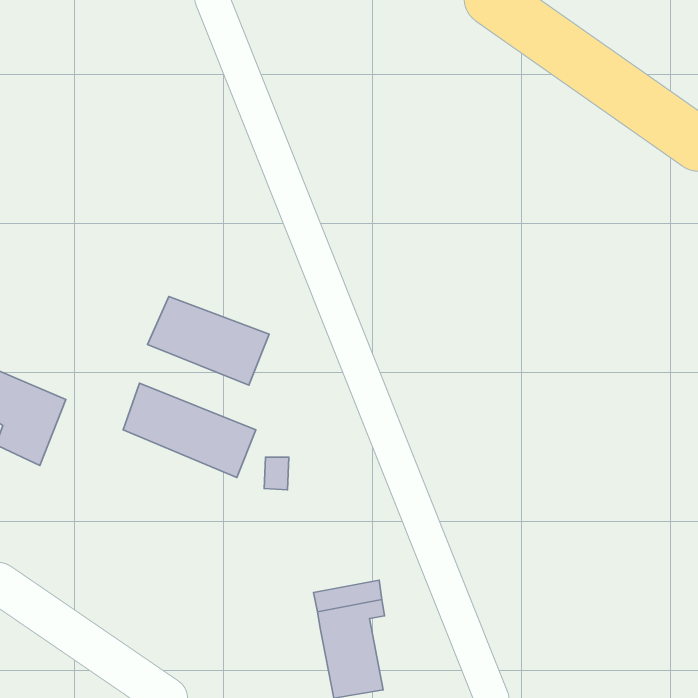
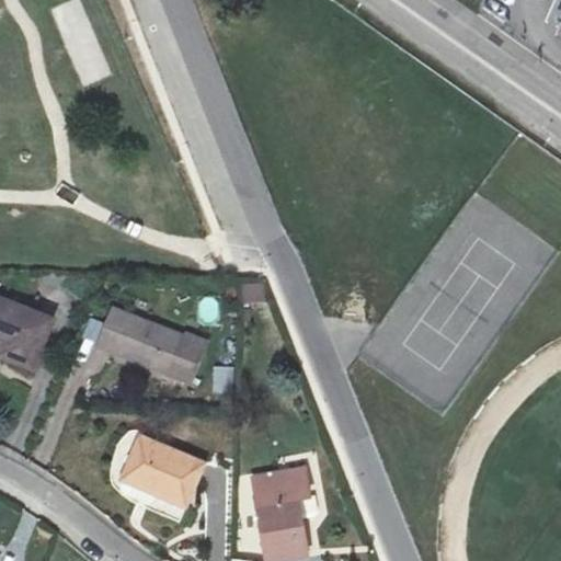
building: [148,297,269,385] -> none
building: none -> [125,436,205,510]

